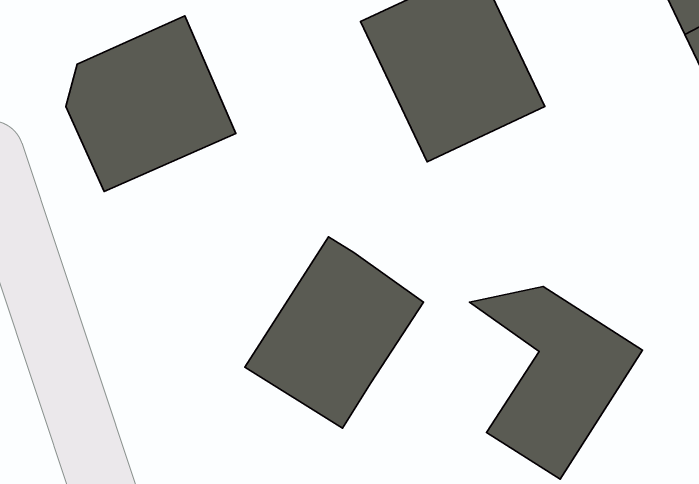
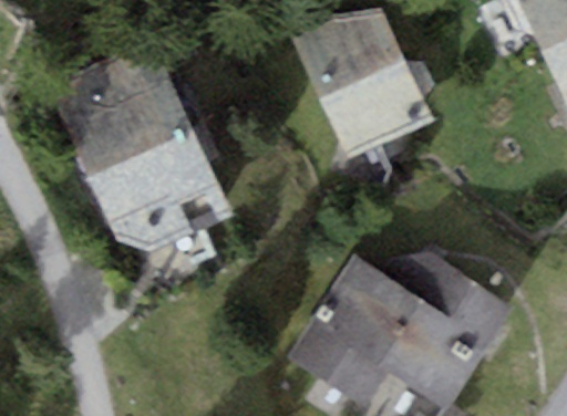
building: none -> [92,136,226,258]
building: [245,237,423,428] -> [292,256,432,405]

